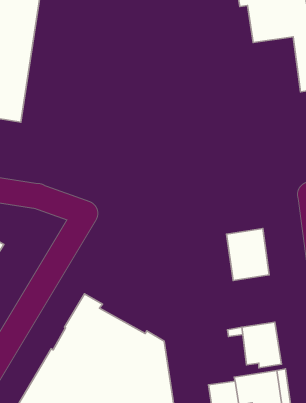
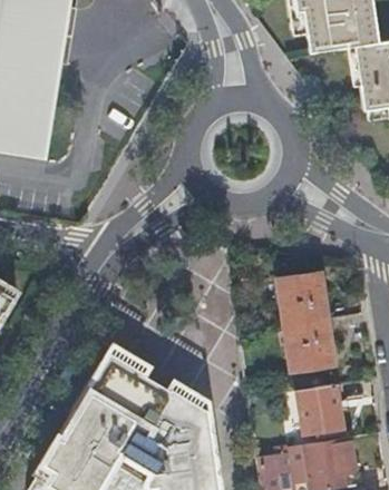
building: none -> [288,326,335,370]

